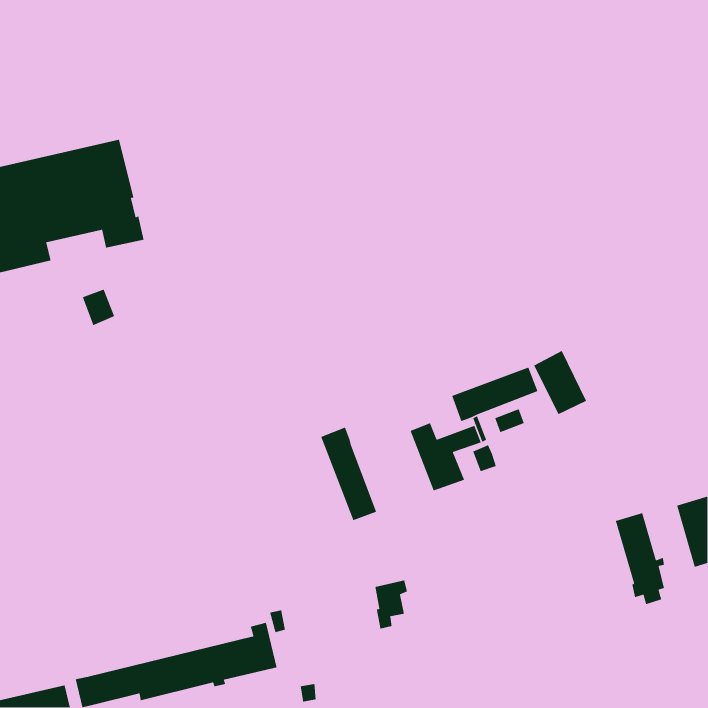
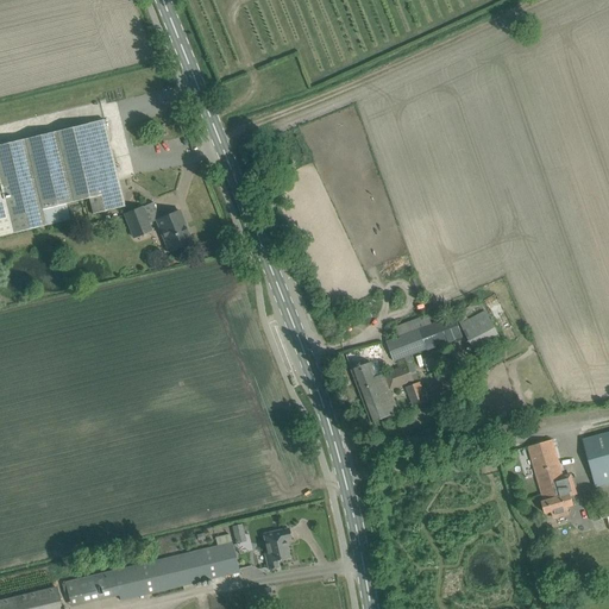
building: none -> [155,209,192,252]
building: [82,289,115,326] -> [123,206,151,238]
building: [320,427,377,521] -> none
building: [374,579,408,629] -> [262,527,290,570]

